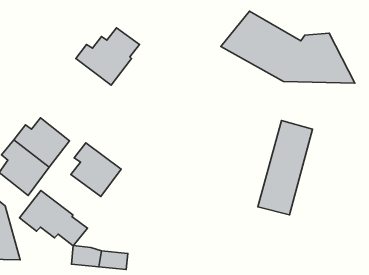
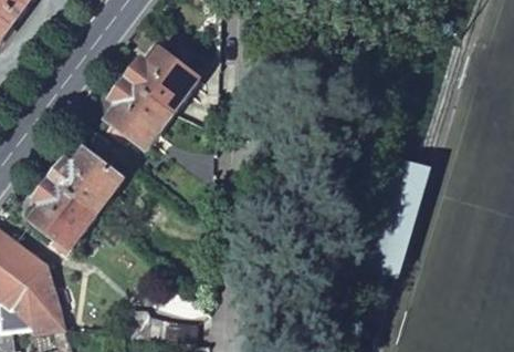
building: [221,11,355,83] -> none
building: [71,143,121,197] -> [111,77,174,145]
building: [19,190,87,246] -> none

